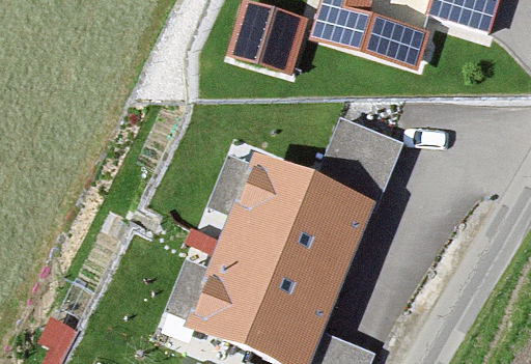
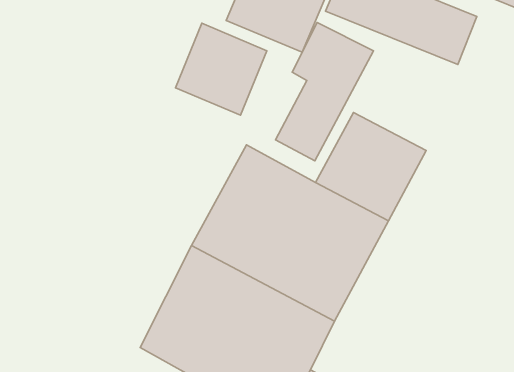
building: none -> [276,22,373,161]
building: none -> [176,23,267,115]

